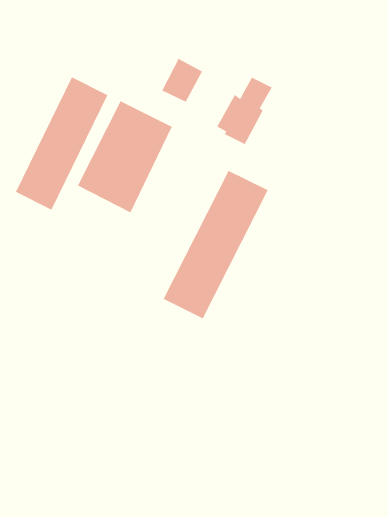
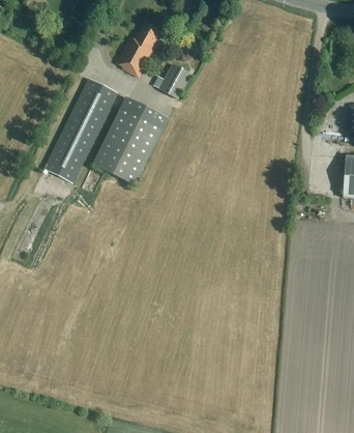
building: [216,77,273,145] -> [116,22,160,76]
building: [163,170,269,319] -> none

